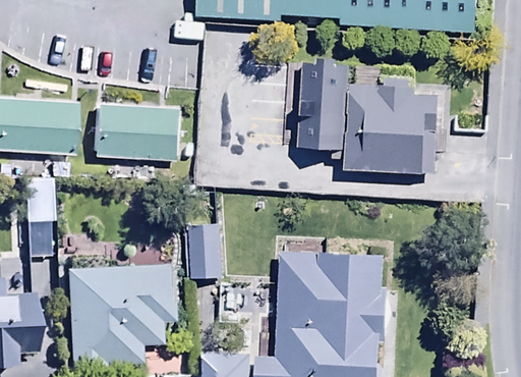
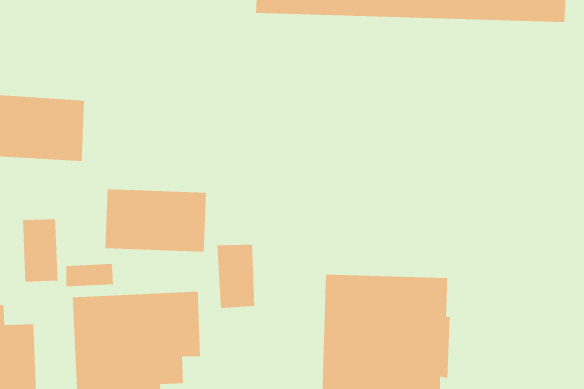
building: [299,56,431,170] -> none
building: [94,105,180,159] -> [104,189,207,253]

